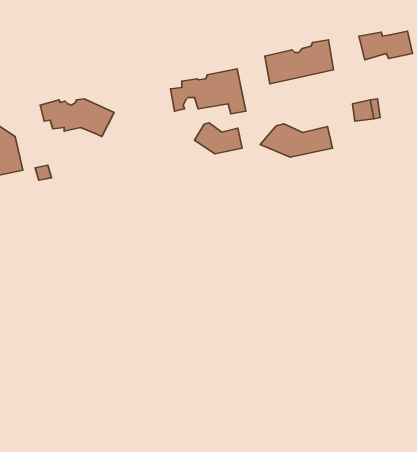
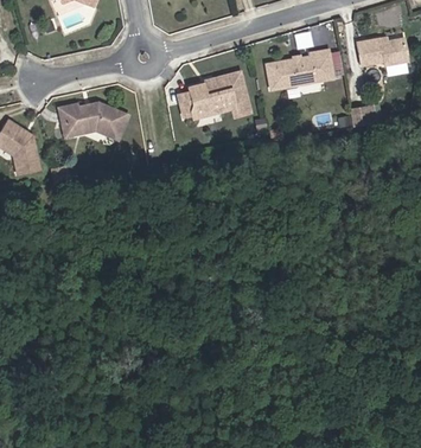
building: [195,123,242,154] -> none
building: [260,124,333,157] -> none

